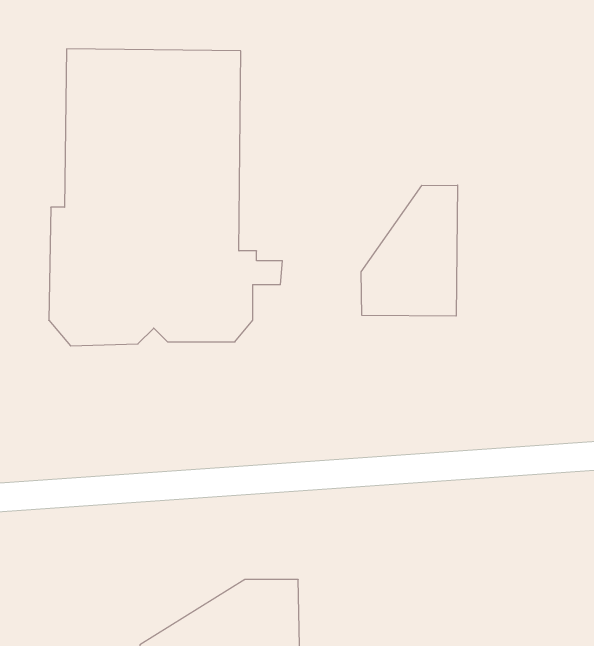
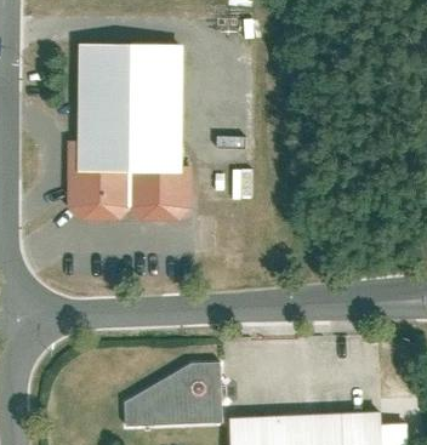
building: [361,185,458,316] -> none

